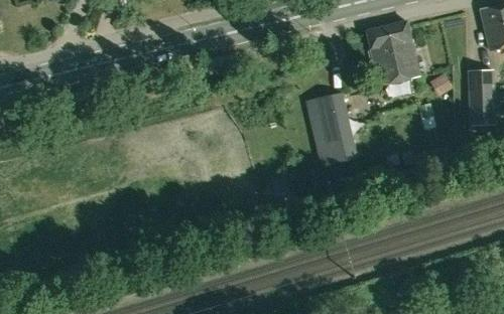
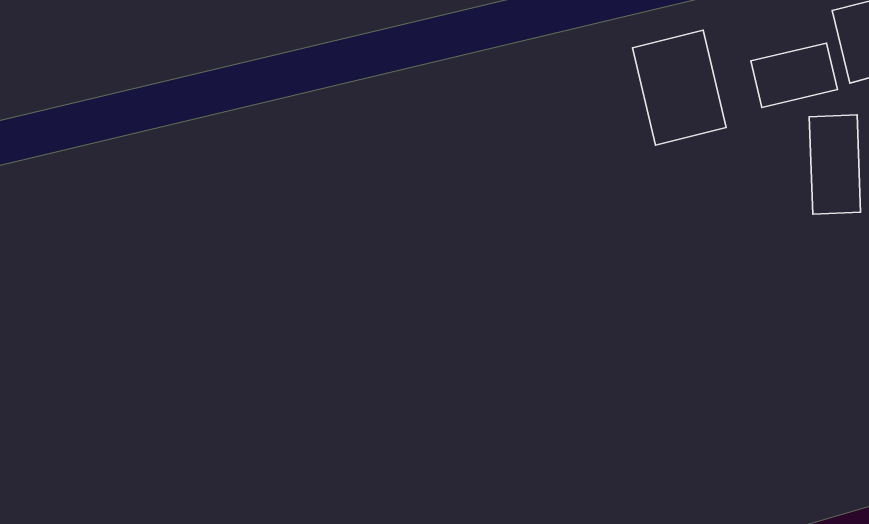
building: none -> [751,43,838,108]
building: [310,91,359,166] -> none

